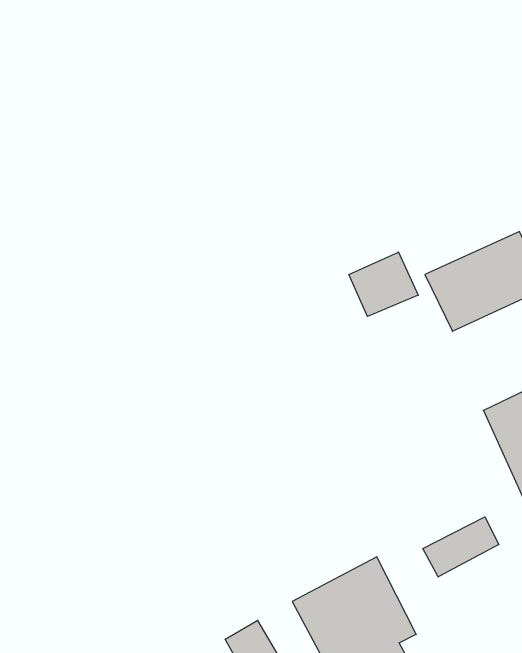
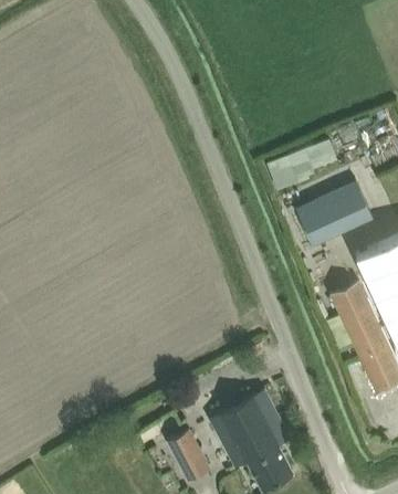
building: [349,252,418,316] -> none
building: [423,517,499,577] -> none

